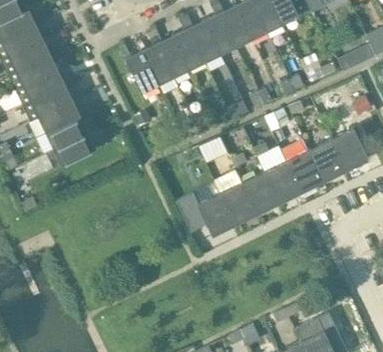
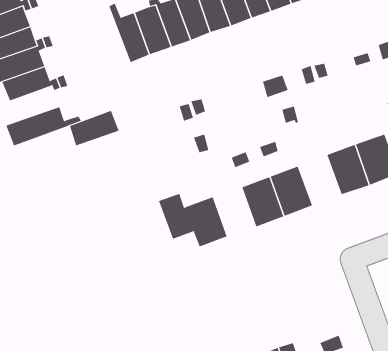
building: [47,117,88,149] -> [69,110,119,146]
building: [286,150,323,193] -> none
building: [220,184,257,225] -> none

